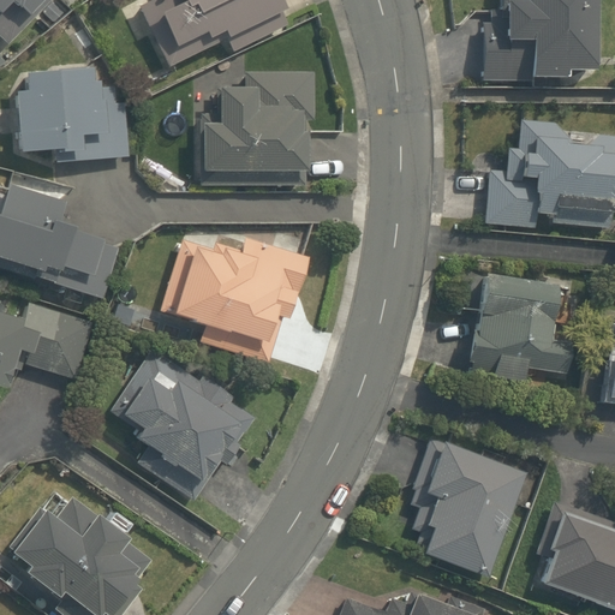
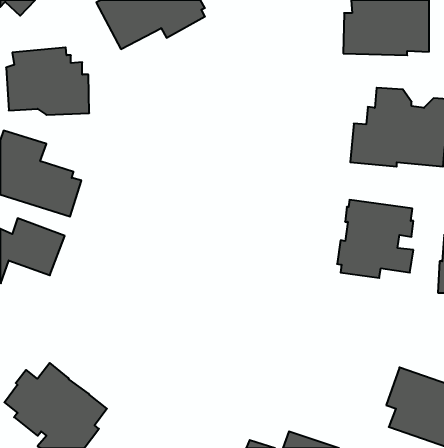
building: [198,71,315,186] -> none
building: [160,238,309,363] -> none
building: [111,348,247,500] -> none
building: [411,438,530,578] -> none

